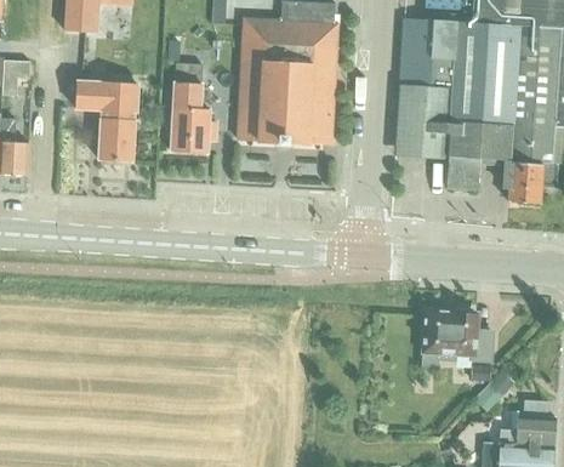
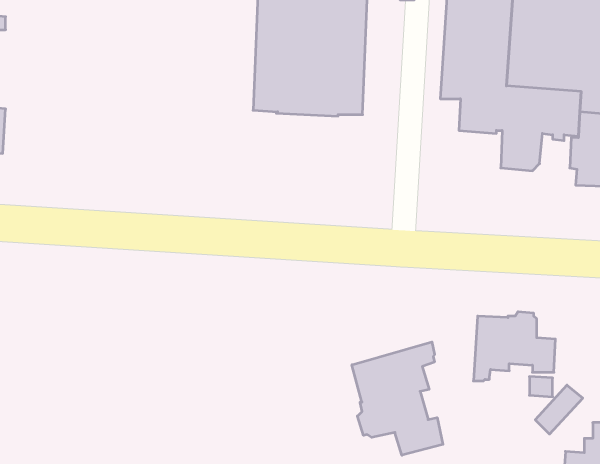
building: [171,62,216,153] -> none
building: [75,82,137,163] -> none
building: none -> [352,342,443,455]

